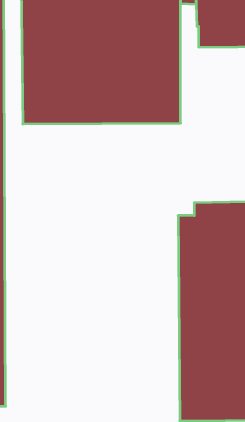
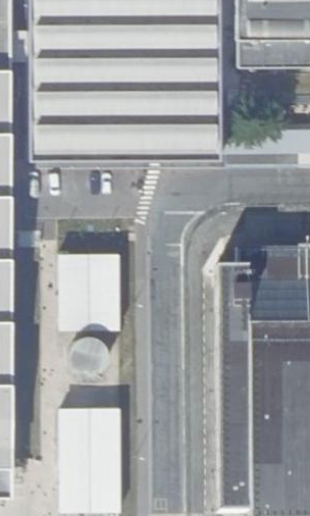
building: none -> [60,246,119,325]
building: none -> [61,400,120,507]

